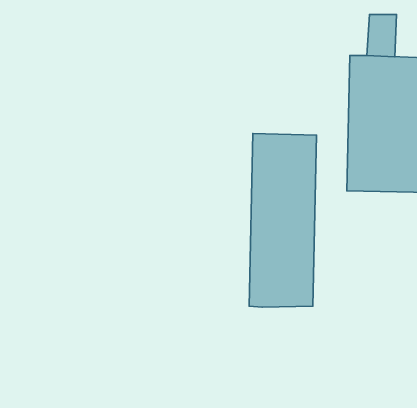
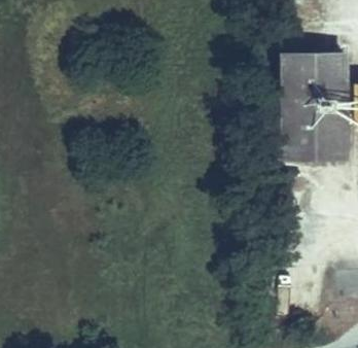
building: [249,133,317,307] -> none

